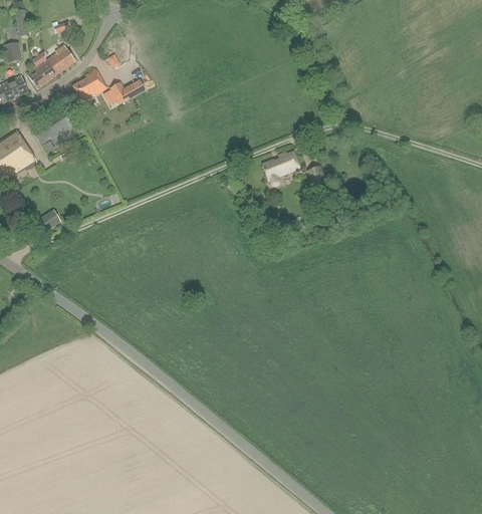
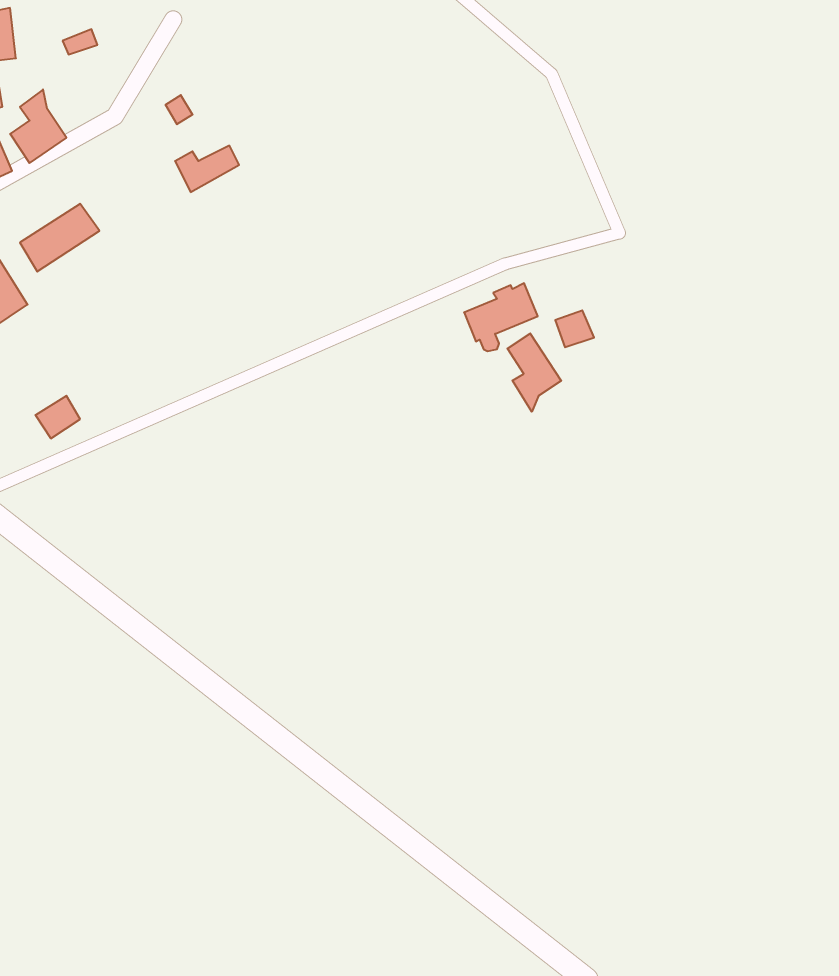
building: [45,44,74,74] -> none
building: [71,67,106,101] -> none
building: none -> [507,333,561,412]

